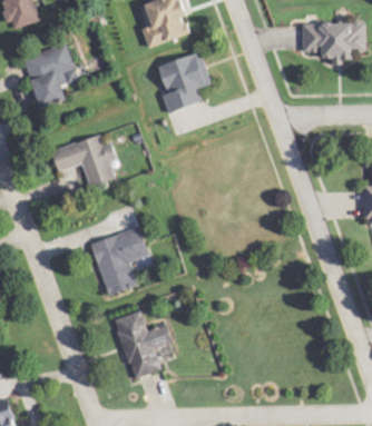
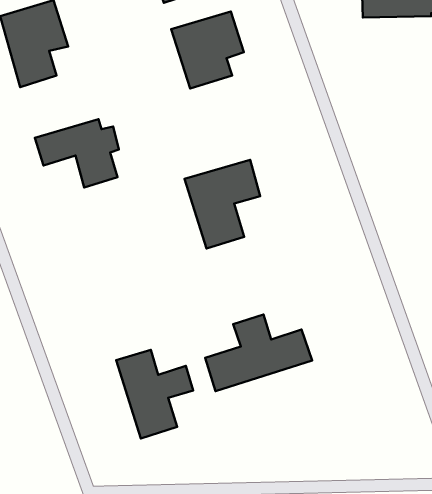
building: [90,227,148,295] -> [185,160,260,248]
building: none -> [205,314,312,391]

